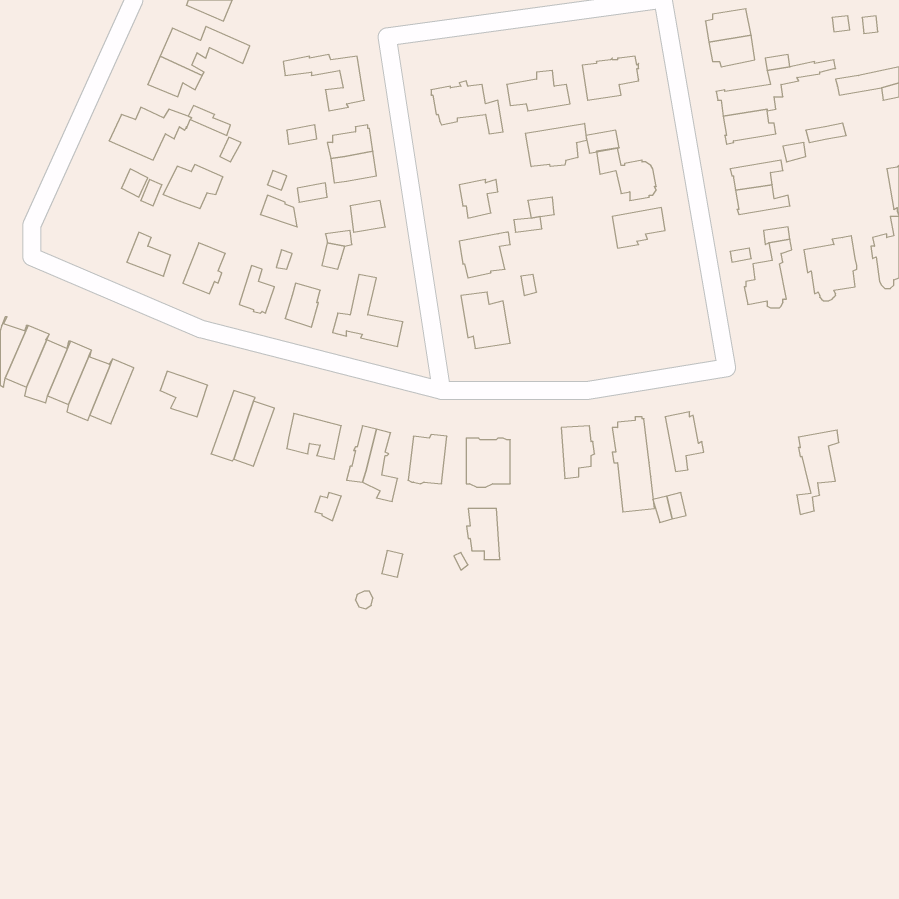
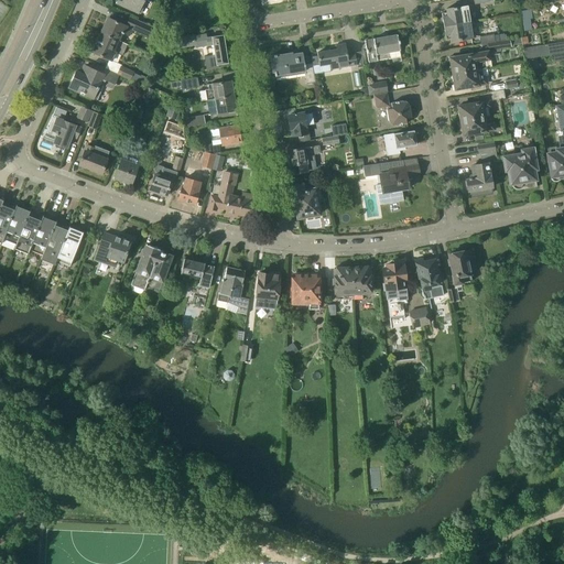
building: [525,123,586,167] -> none
building: [163,165,223,209] -> [43,120,80,148]
building: none -> [376,159,420,205]
building: [797,430,839,514] -> [447,249,474,302]
building: [467,508,500,560] -> [333,268,354,300]

